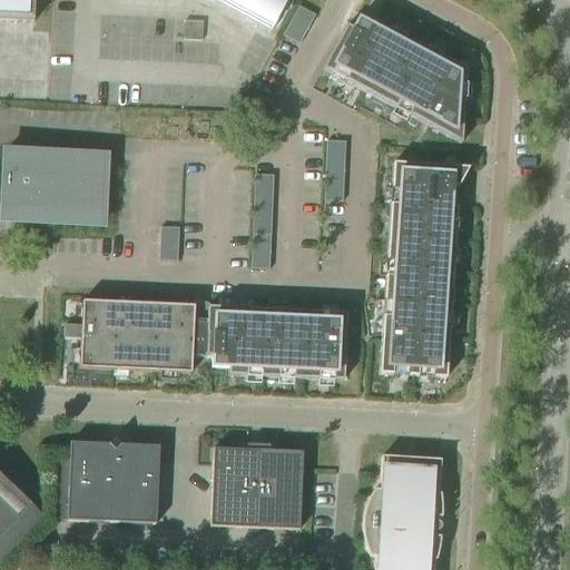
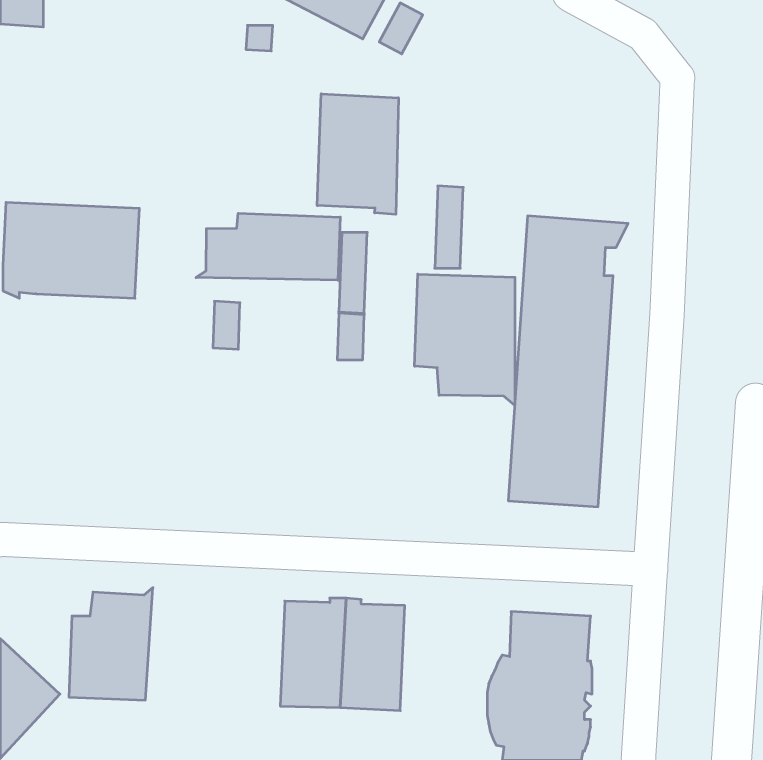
building: [324,17,468,140] -> none
building: none -> [317,94,398,214]
building: none -> [196,213,340,280]
building: none -> [415,274,515,406]
building: [65,298,347,377] -> none
building: [110,436,160,522] -> none

